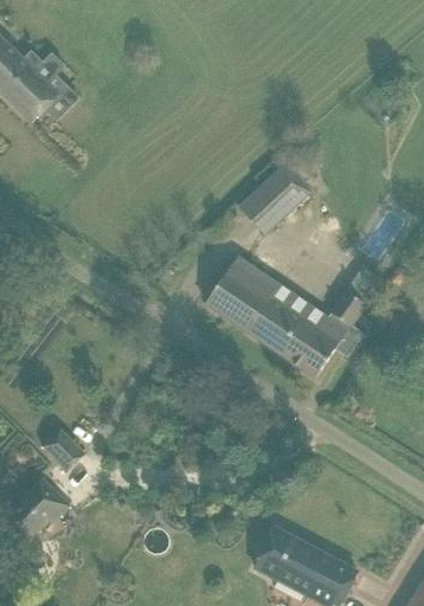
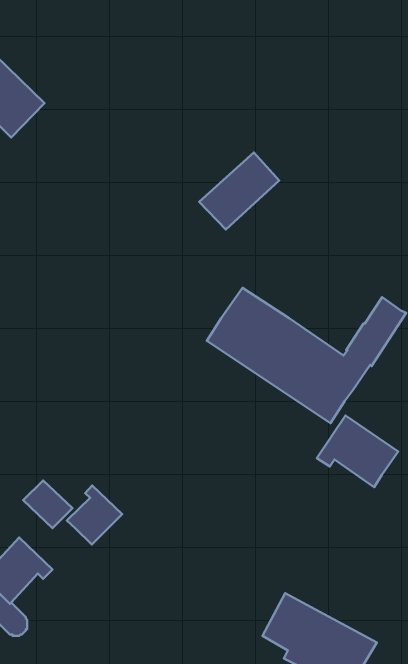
building: [239,165,310,233] -> [199,153,279,230]
building: none -> [317,415,398,487]
building: none -> [67,486,122,545]

